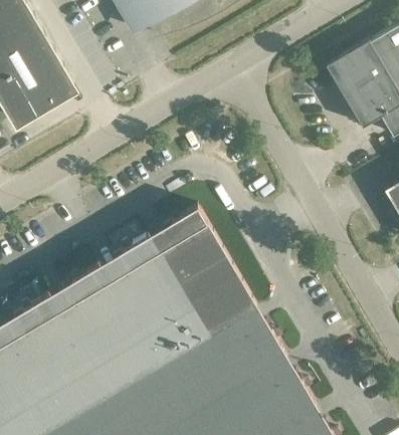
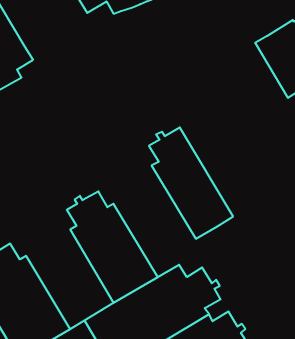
building: [162,206,257,333] -> [149,127,233,239]
building: [62,265,165,392] -> none

